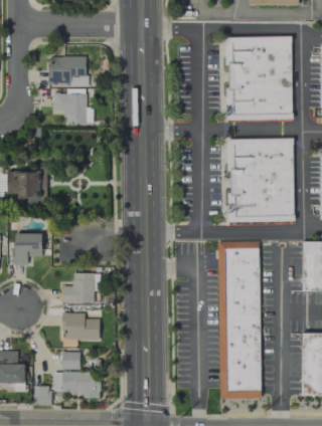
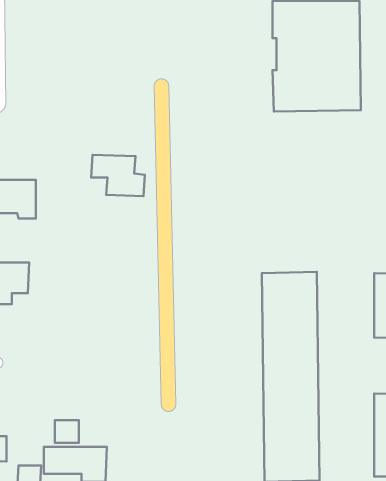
building: [48,56,88,84] -> none
building: [53,92,94,124] -> [91,155,145,196]
building: [226,139,294,222] -> none
building: [61,272,101,302] -> none
building: [62,312,100,340] -> none

